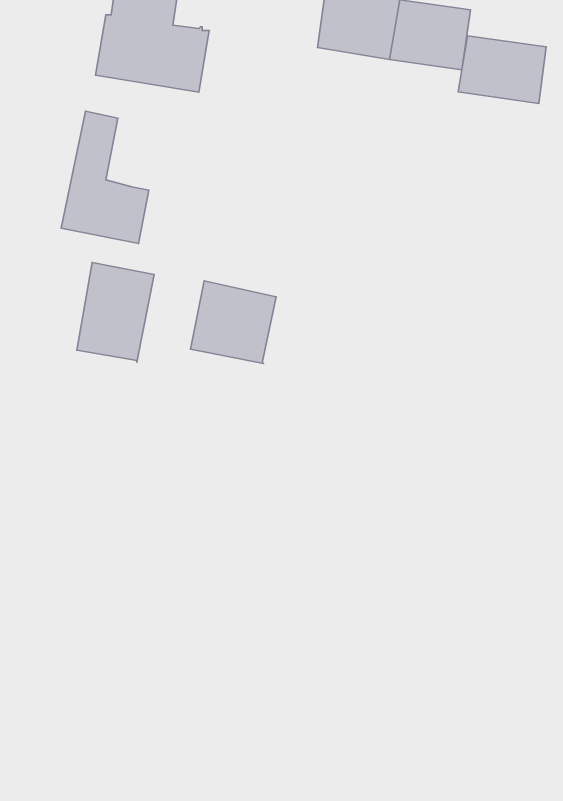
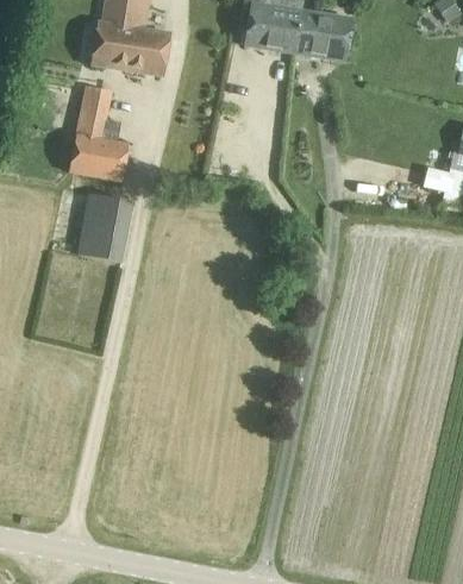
building: [458,36,546,103] -> none
building: [191,281,276,364] -> none

